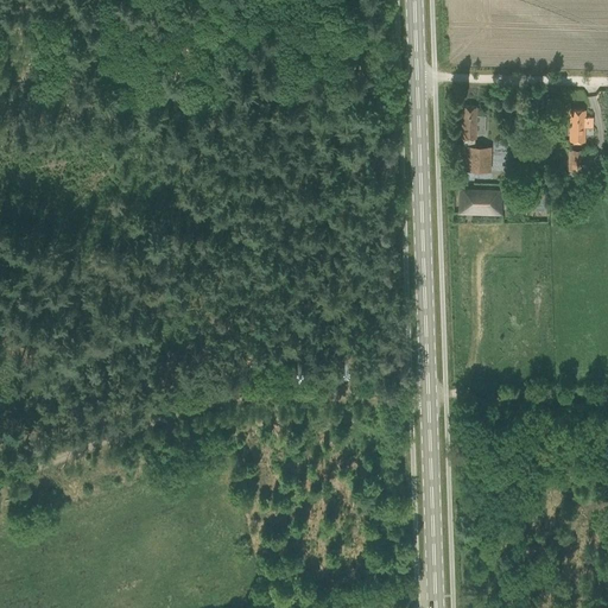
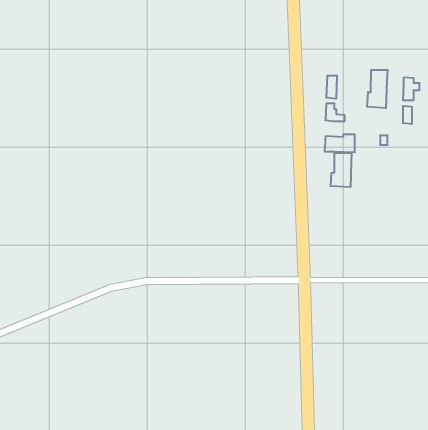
building: none -> [367,70,387,108]
building: none -> [331,153,352,187]

